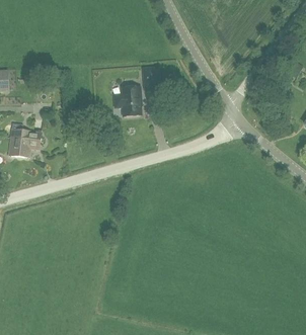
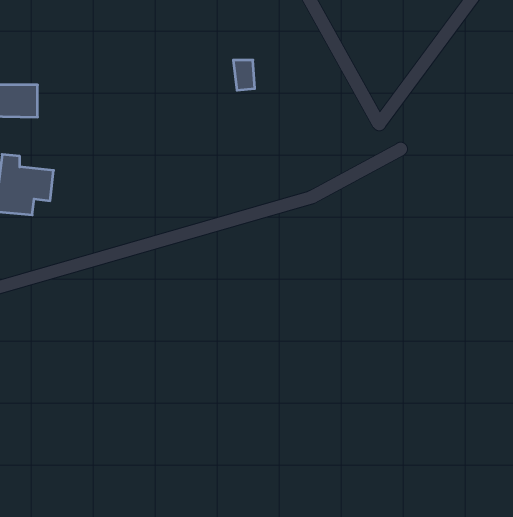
building: [114,82,139,109] -> none

